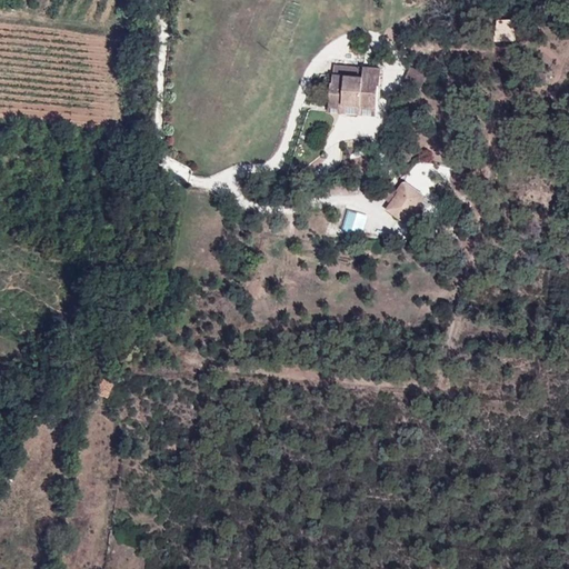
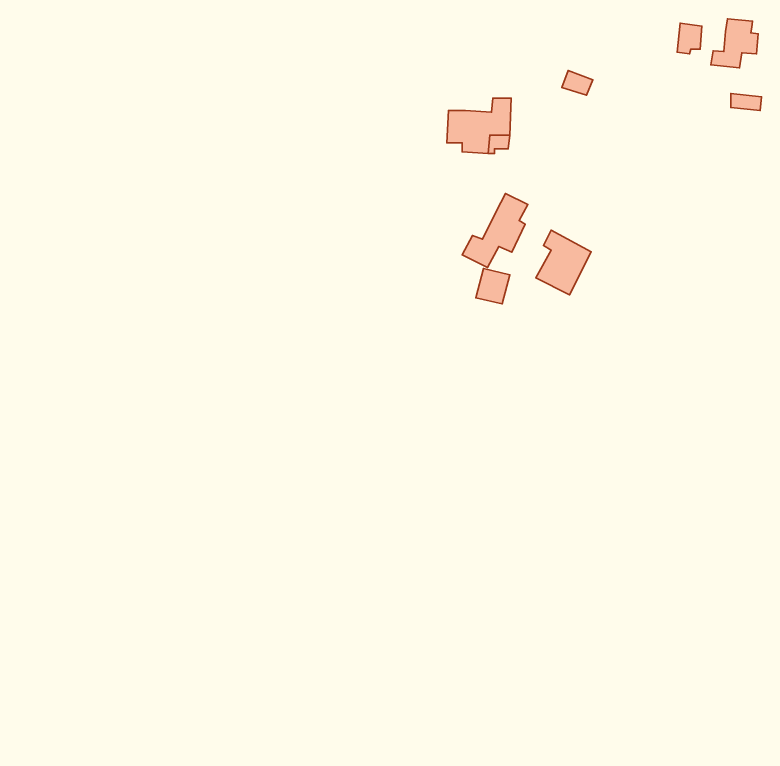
building: none -> [711,19,758,68]
building: none -> [462,194,528,267]

